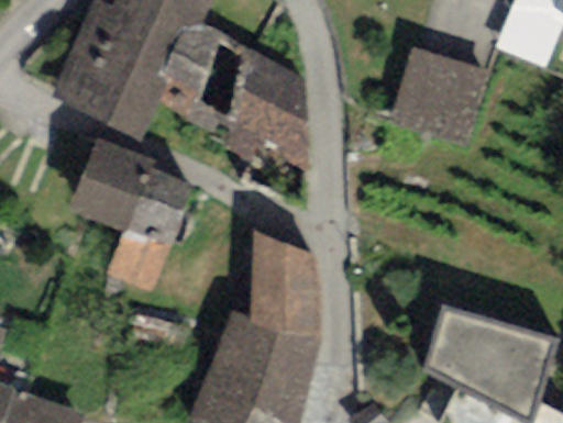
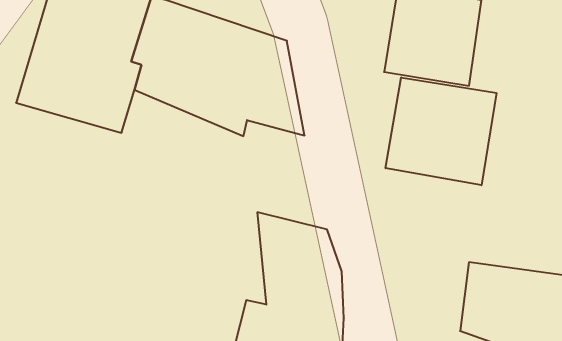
building: none -> [386,77,496,185]
building: [69,137,195,291] -> none

